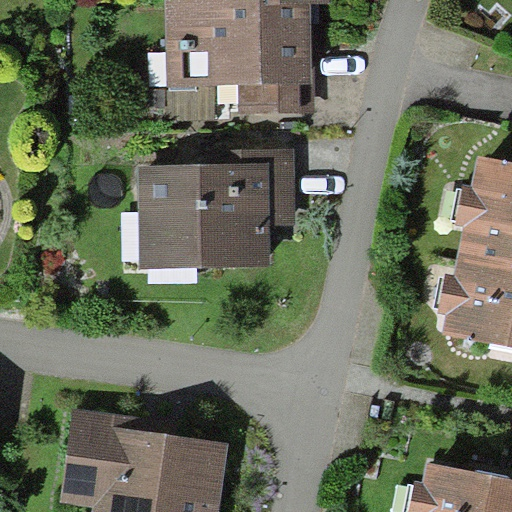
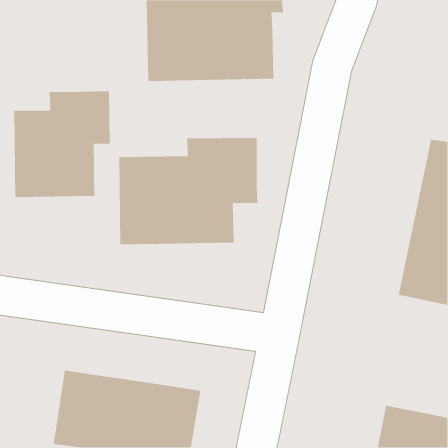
building: none -> [13,90,111,198]

